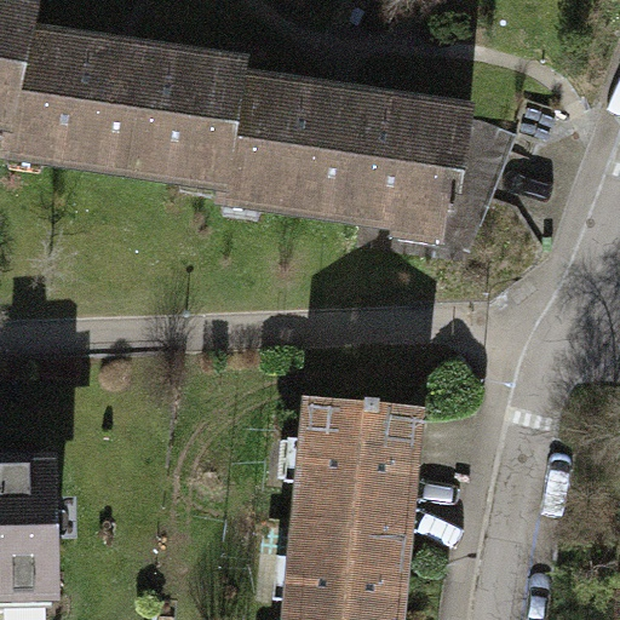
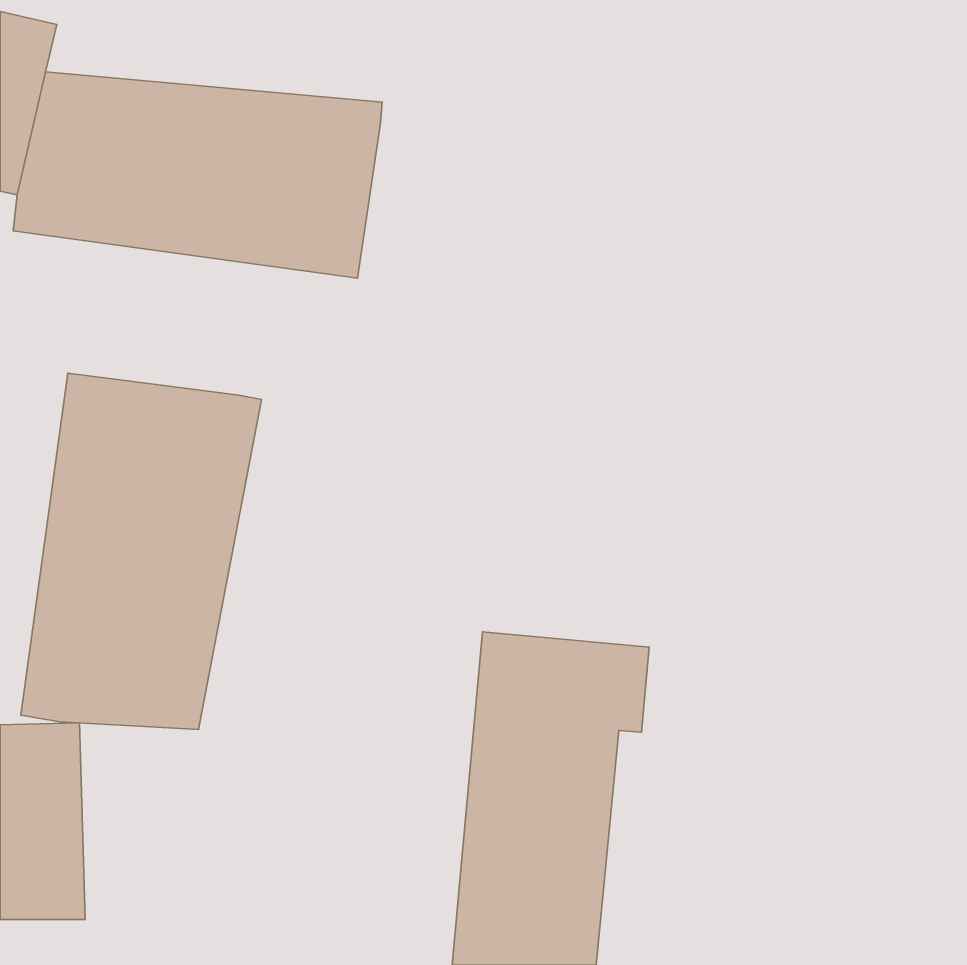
building: [226,79,476,231] -> none
building: none -> [21,373,262,729]

